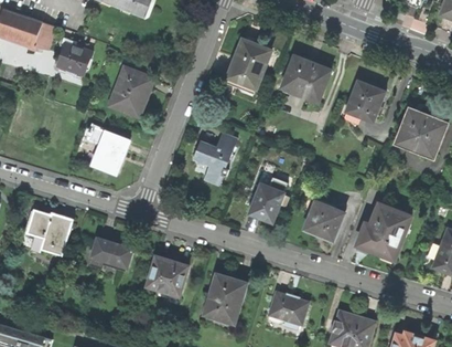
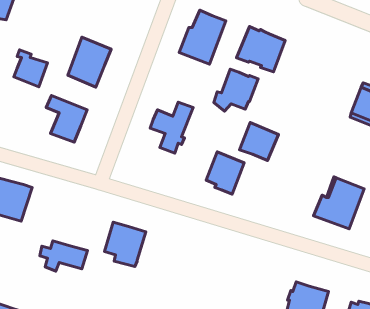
building: [56,34,90,72] -> [14,50,48,87]
building: [340,77,385,120] -> [214,69,258,111]
building: [303,198,343,236] -> [239,123,278,161]
building: [83,234,131,265] -> [40,241,87,271]
building: [204,271,245,319] -> none
building: [268,288,308,325] -> none

